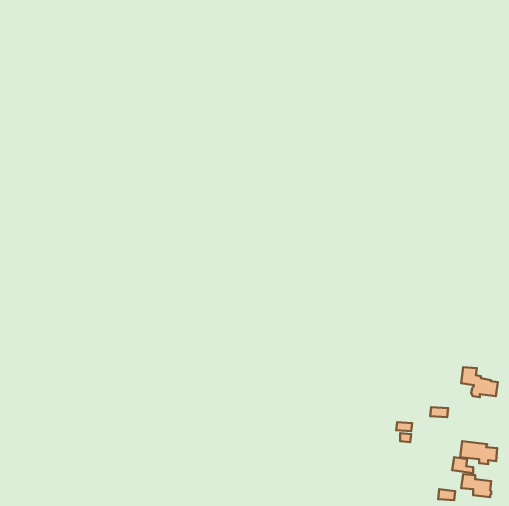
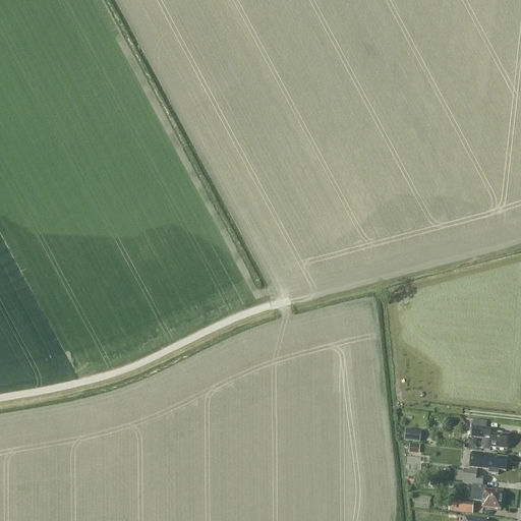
building: [461,367,498,397] -> [470,417,508,448]

